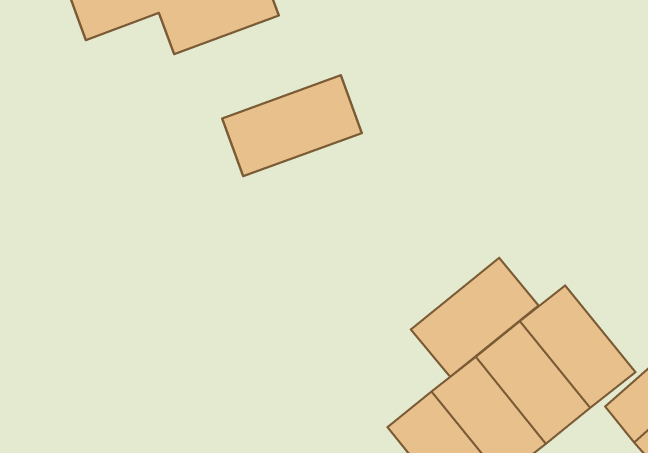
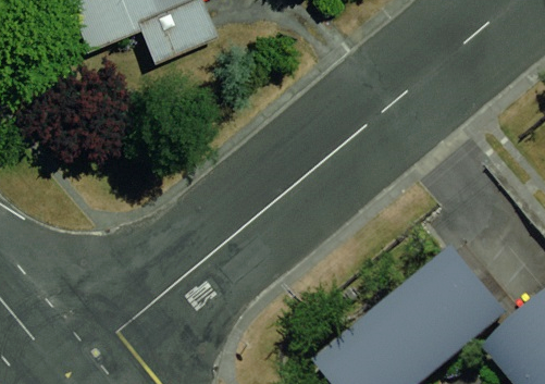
building: [222,75,362,176] -> none
building: [411,258,539,377] -> none

